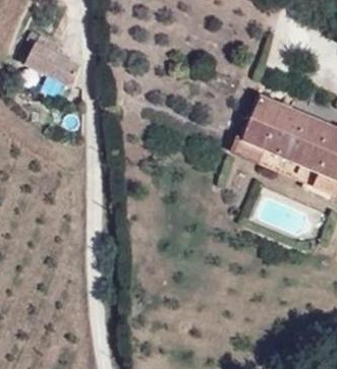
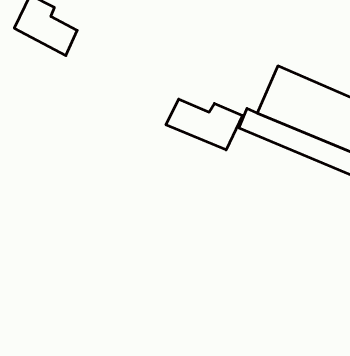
building: none -> [166,99,242,150]

